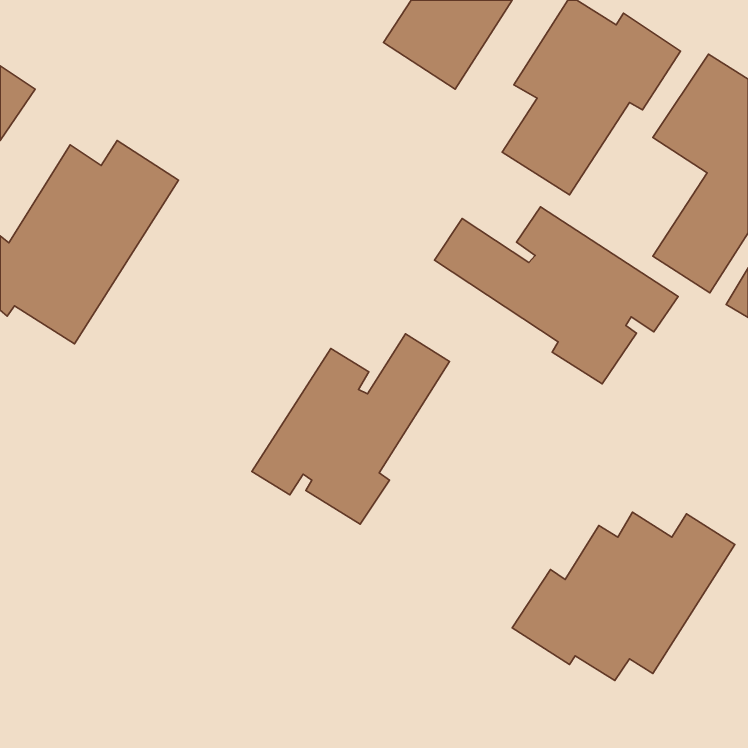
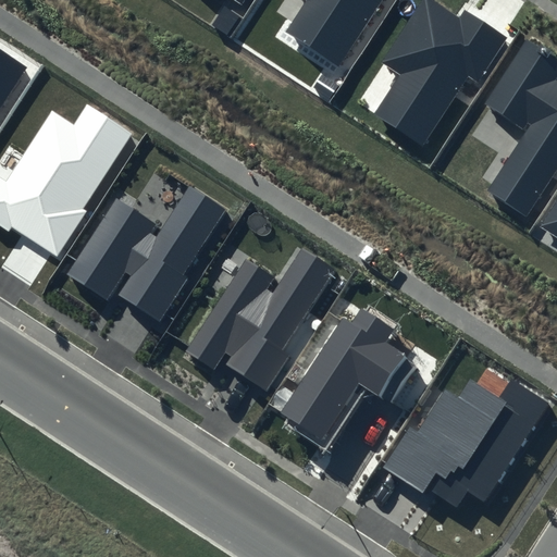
building: [435,207,678,384] -> none
building: none -> [67,188,225,321]
building: none -> [280,309,418,442]

